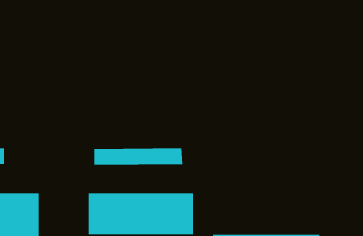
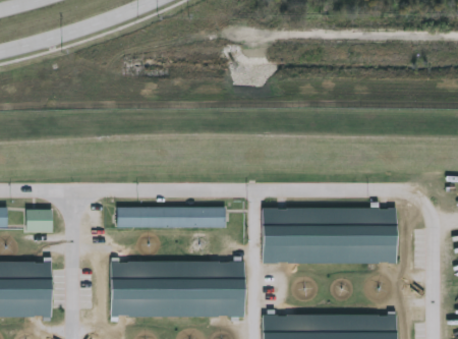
building: none -> [263,209,394,260]
building: none -> [27,211,53,232]

